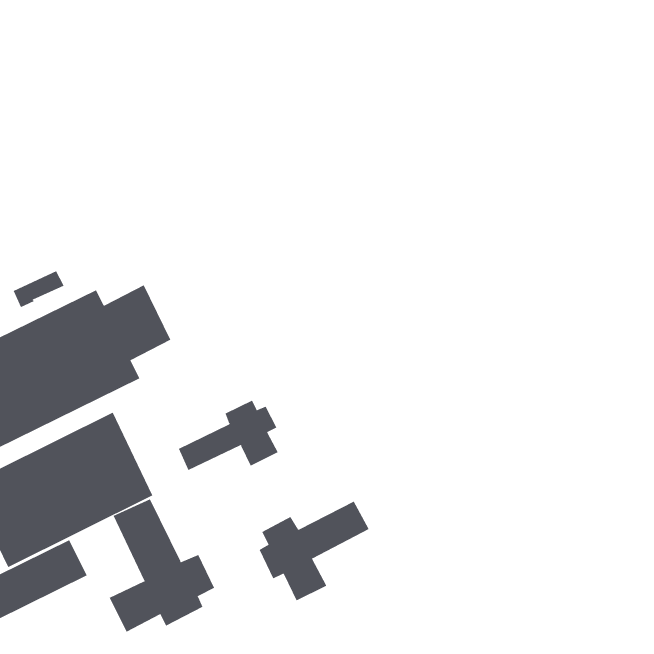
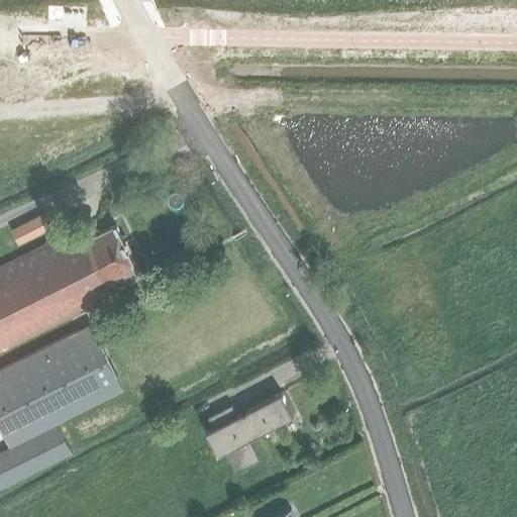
building: [178,400,279,471] -> none
building: [109,498,215,633] -> none

